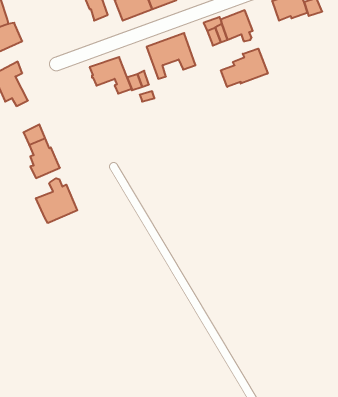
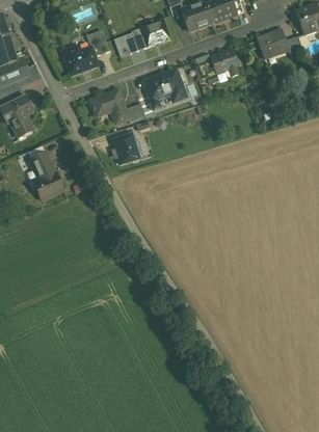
building: none -> [62,46,98,74]
building: [221,49,268,87] -> none
building: none -> [112,132,140,164]
building: [36,178,77,223] -> none

